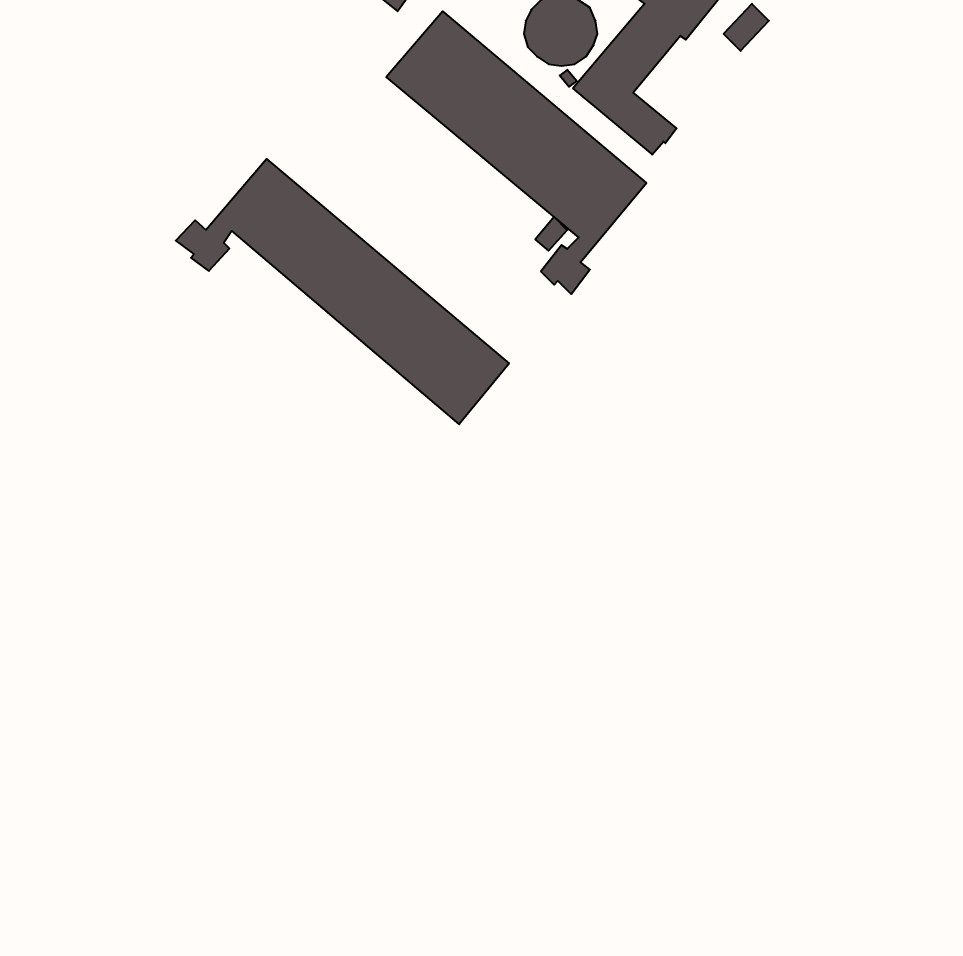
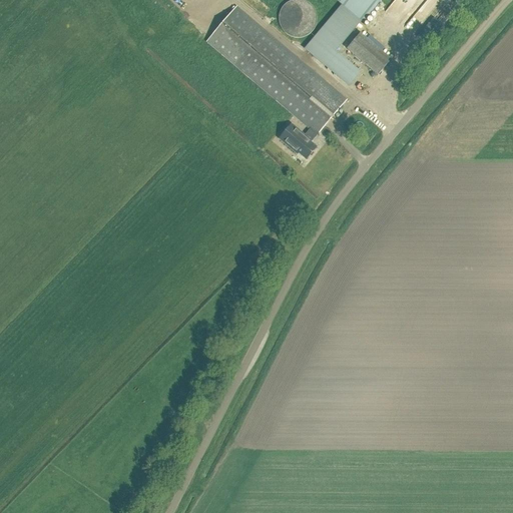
building: none -> [347,31,392,73]
building: [176,159,509,424] -> none

